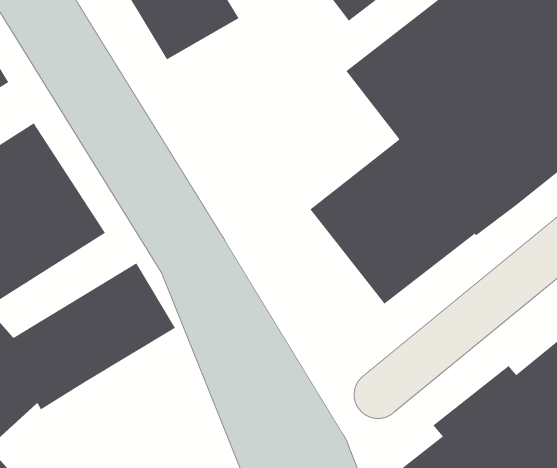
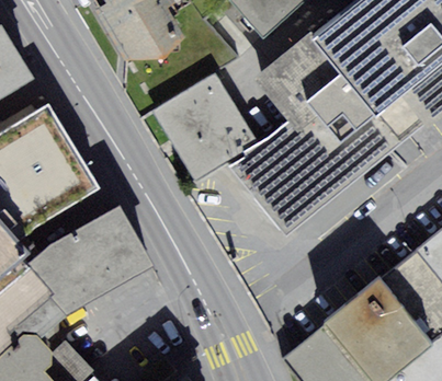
building: none -> [155,74,257,180]

